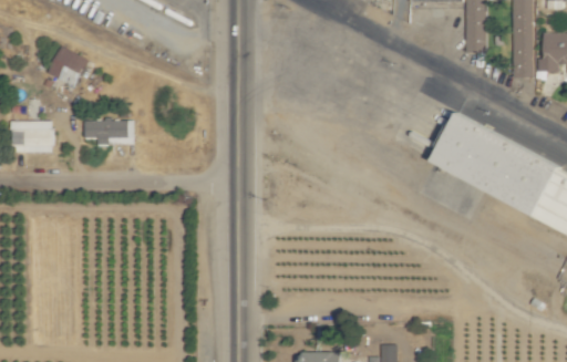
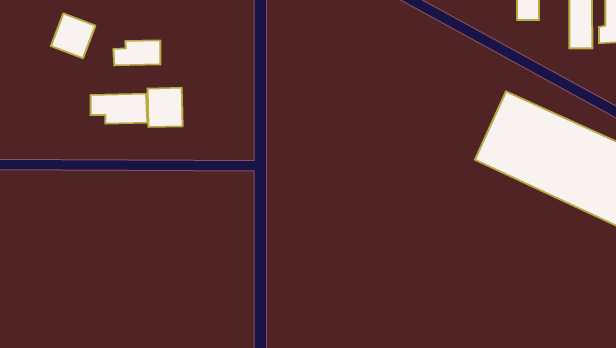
building: none -> [114,40,160,66]
building: none -> [148,88,182,127]
building: [11,117,53,151] -> none

